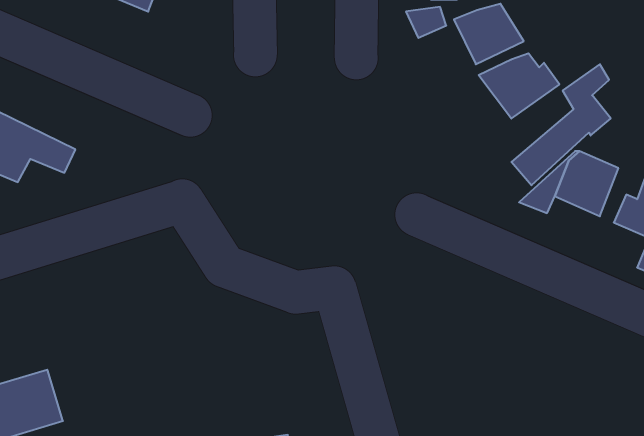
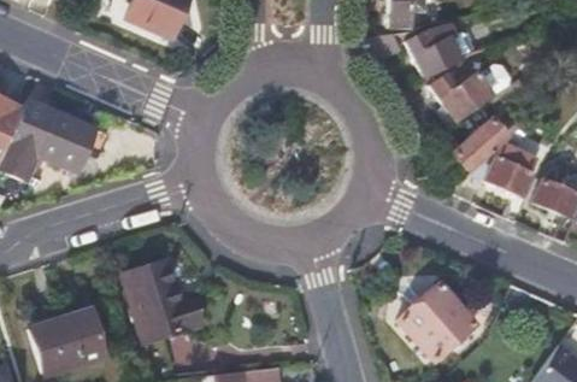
building: none -> [123,259,201,340]
building: none -> [399,283,476,359]

